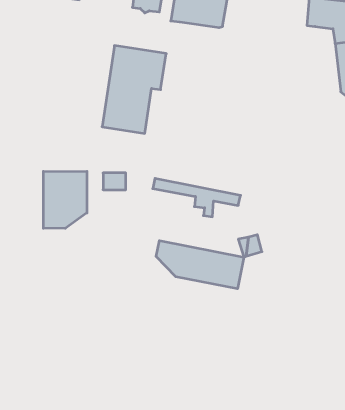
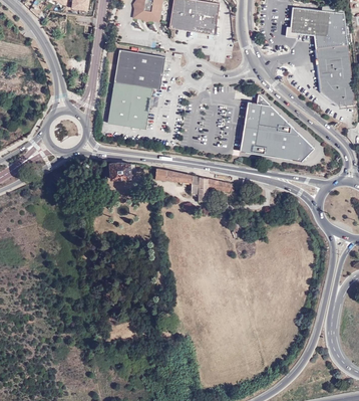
building: none -> [239,94,314,161]
building: [43,171,87,228] -> none
building: [156,241,244,289] -> none

